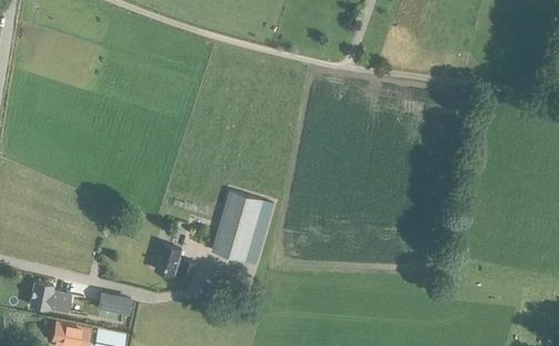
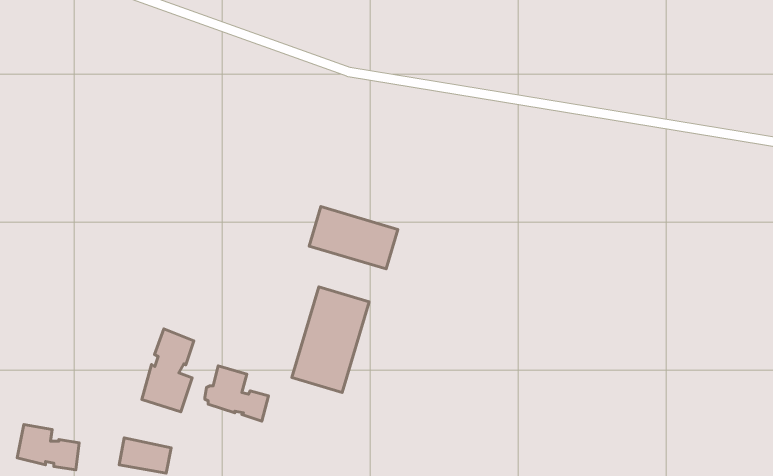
building: none -> [309,207,398,269]
building: none -> [142,329,194,412]

